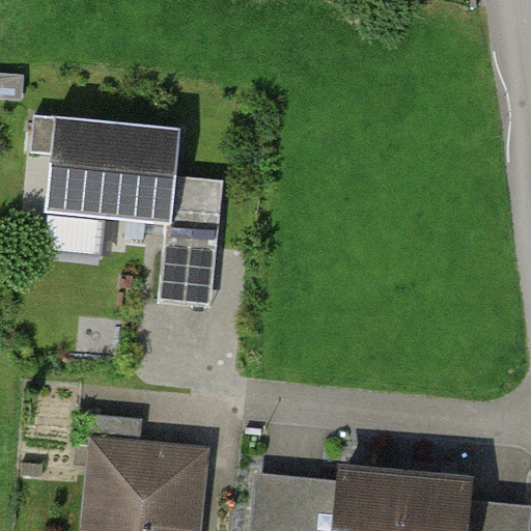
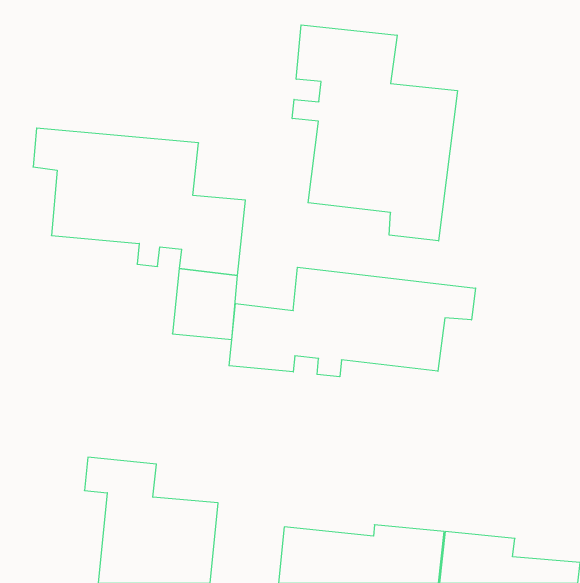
building: none -> [292,25,457,241]
building: none -> [229,267,476,377]

